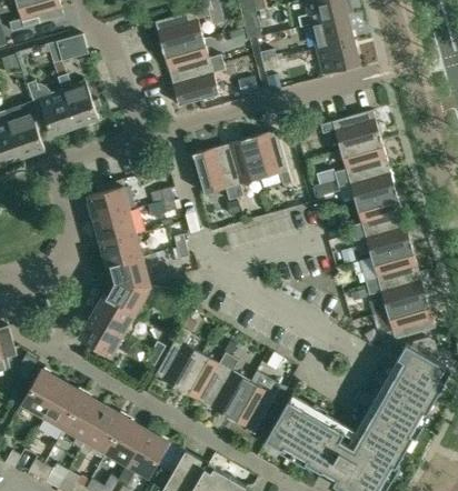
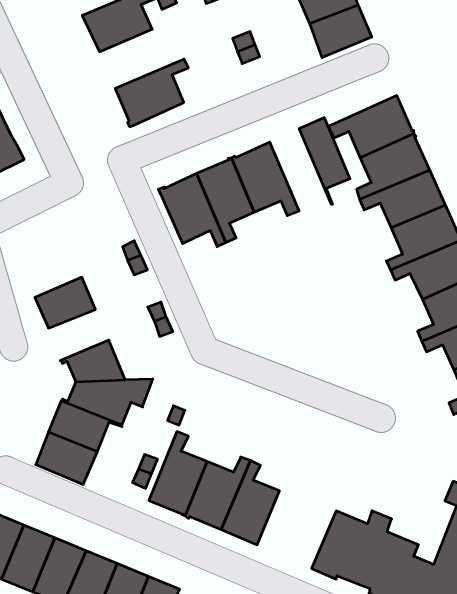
building: [162,38,222,77] -> none
building: none -> [299,118,350,204]
building: [86,186,128,219] -> none
building: [99,233,141,267] -> none
building: [228,381,281,432] -> none

